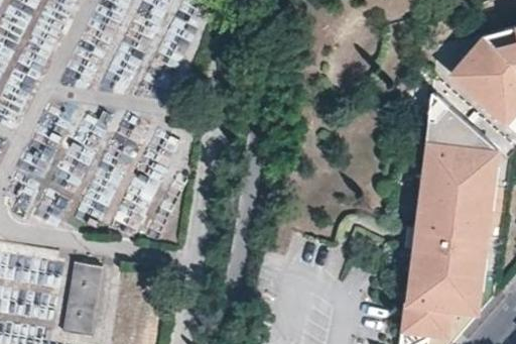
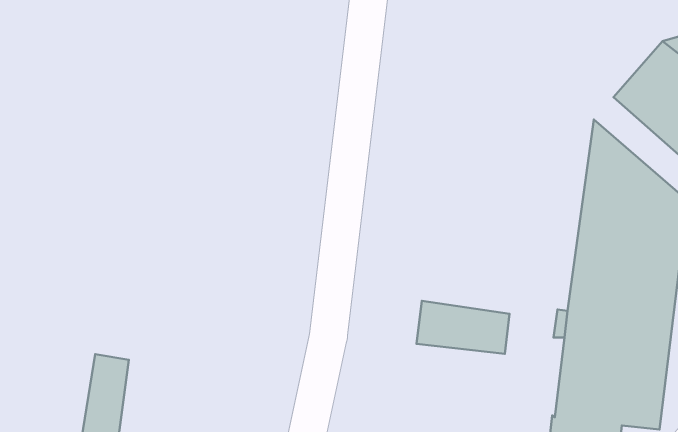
building: none -> [417,301,509,354]

